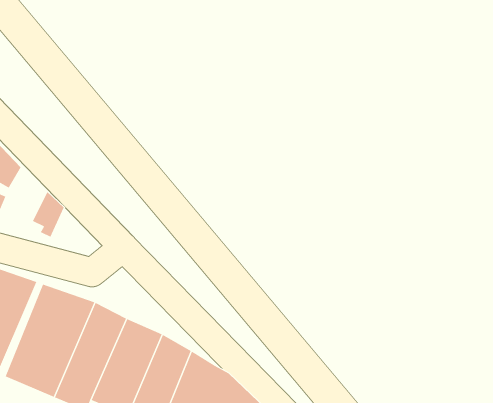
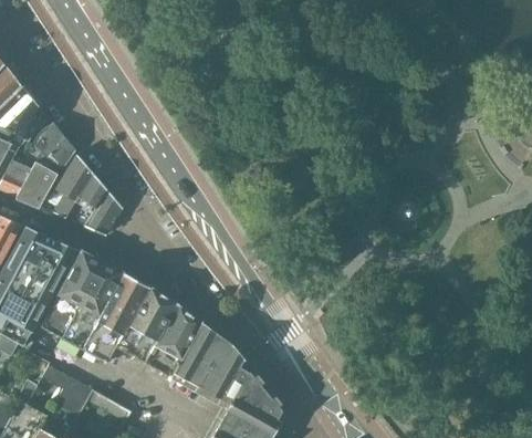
building: none -> [52,155,92,219]
building: none -> [83,189,122,236]

